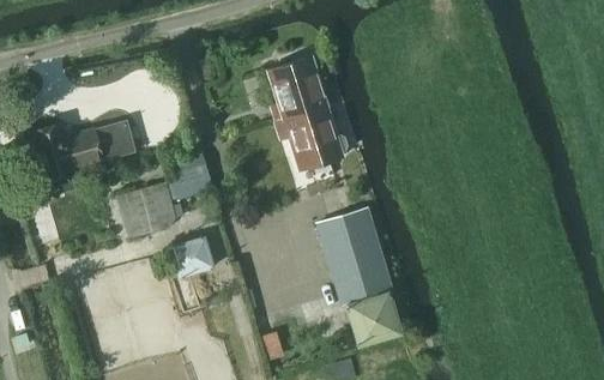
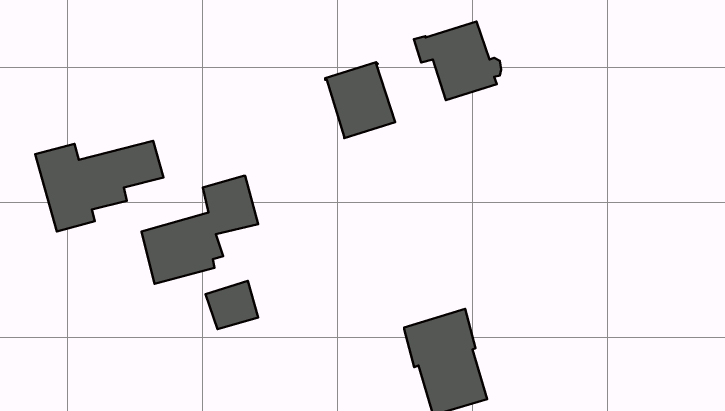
building: [274,104,346,169] -> [414,22,501,100]
building: [318,207,383,273] -> none

